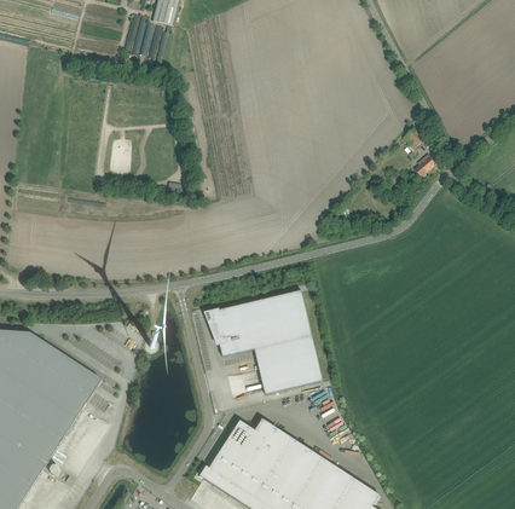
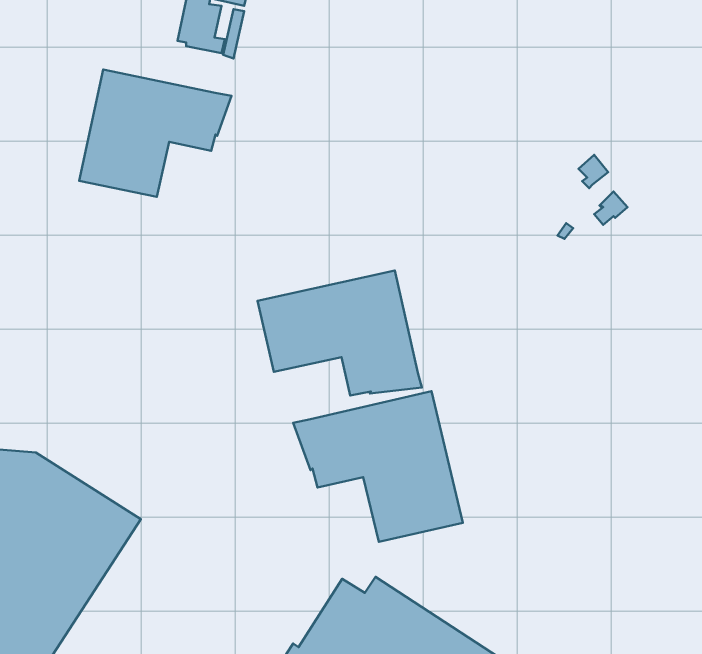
building: none -> [79,69,232,197]
building: none -> [257,271,422,396]

